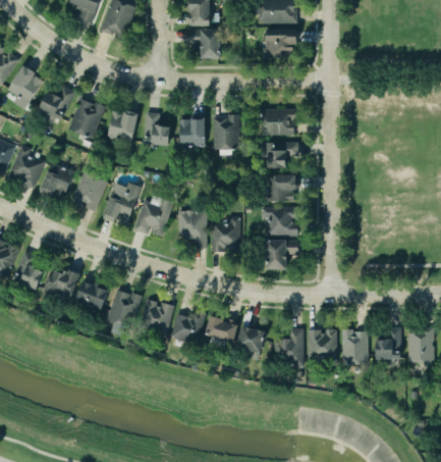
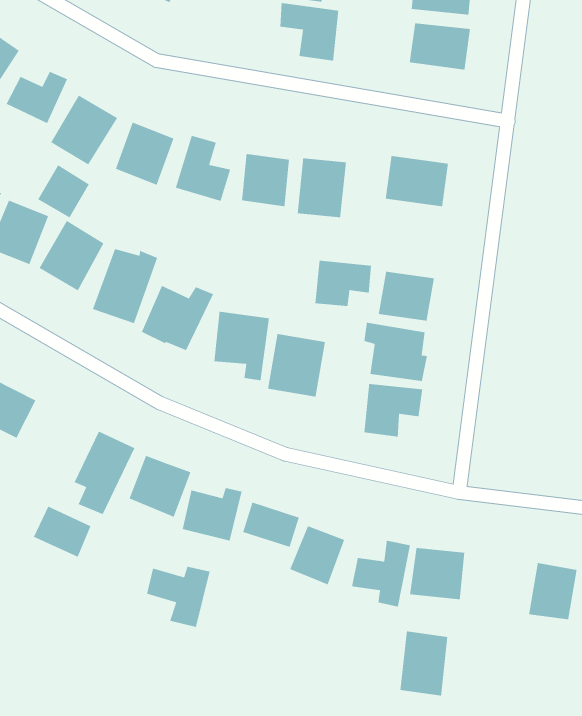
building: none -> [37,164,90,219]
building: [267,142,298,168] -> [314,260,372,307]
building: [76,281,109,309] -> [33,505,92,558]
building: [341,330,367,365] -> [400,631,448,696]
building: none -> [146,566,211,628]

